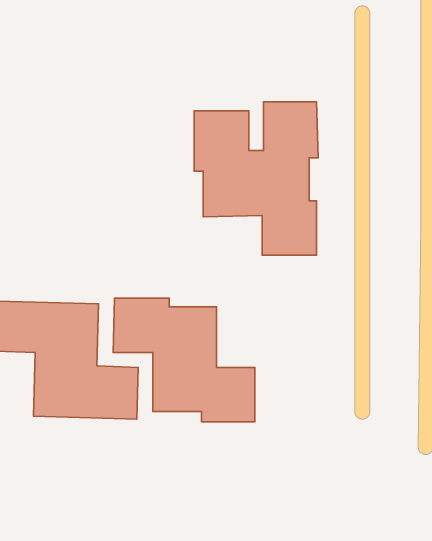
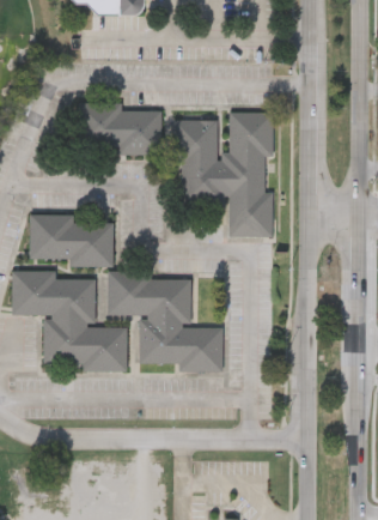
building: none -> [78,101,161,151]
building: none -> [30,213,115,264]

